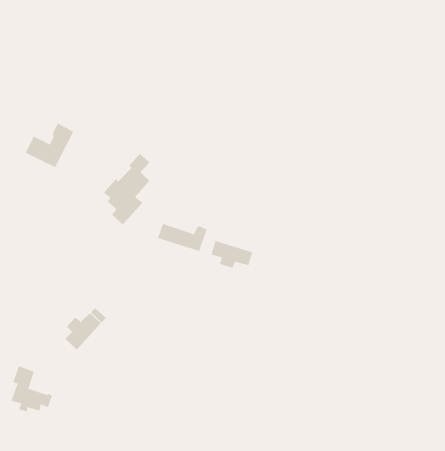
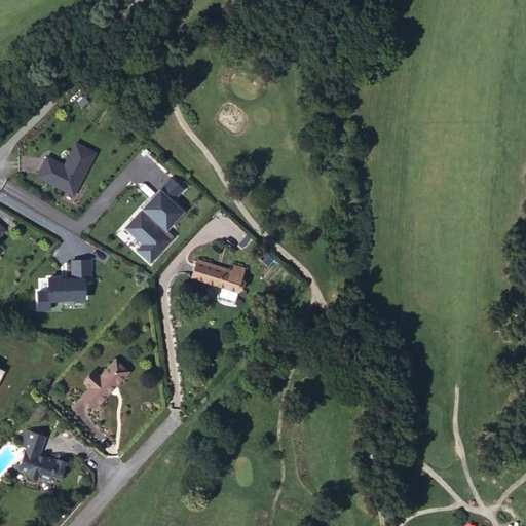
building: none -> [37,260,89,310]
building: [211,240,253,269] -> none

